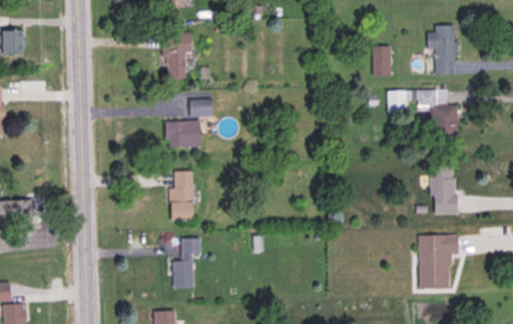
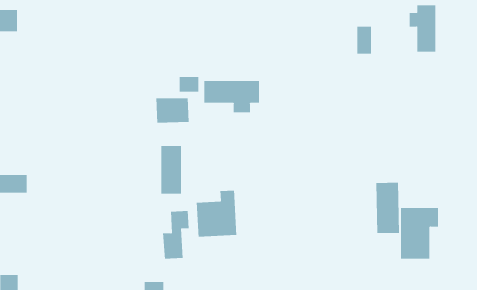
building: [161,33,191,79] -> none
building: [387,89,457,137] -> none
building: none -> [204,80,259,113]
building: [430,161,455,215] -> [376,182,400,233]
building: none -> [196,190,237,237]

